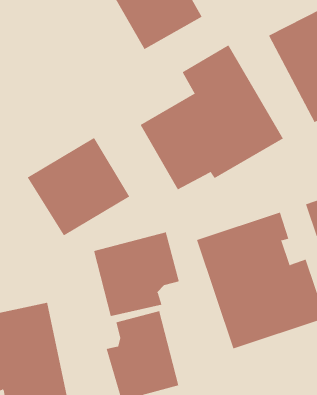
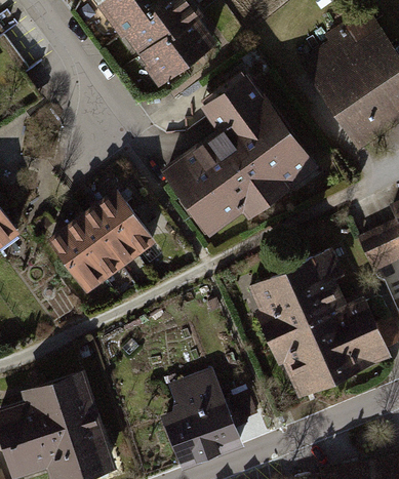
building: [94,232,179,317] -> none

